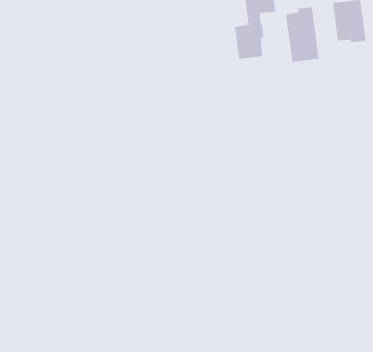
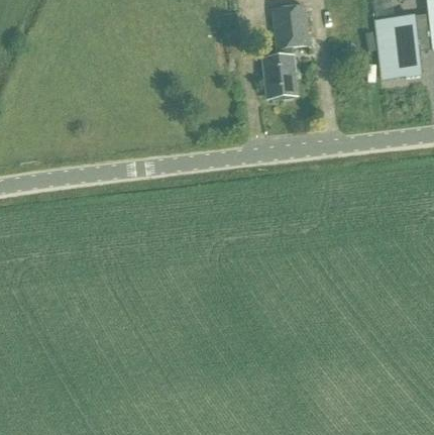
building: [286,6,319,63] -> none

